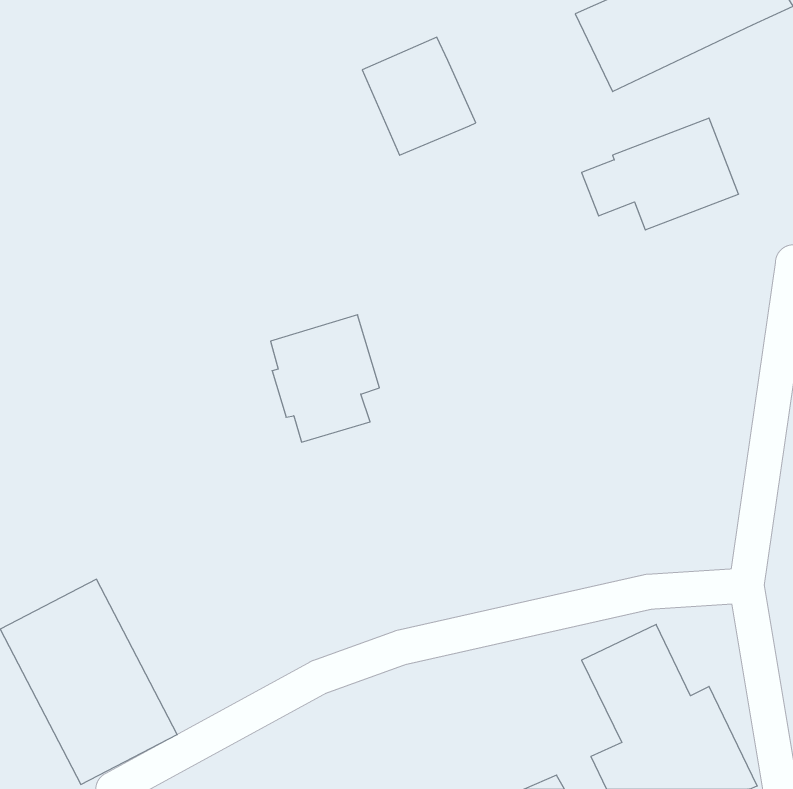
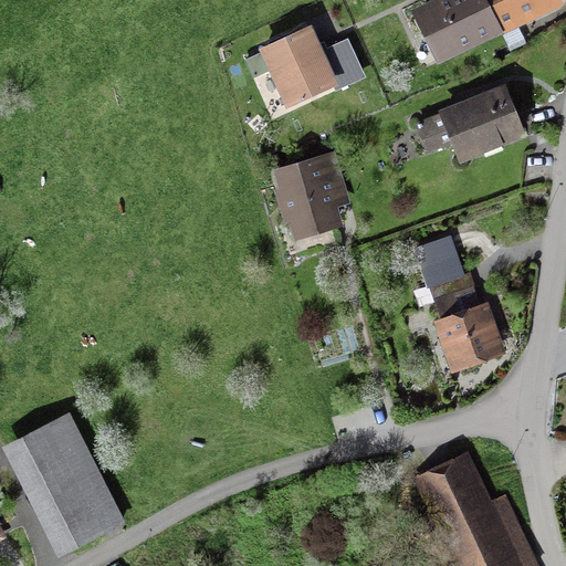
building: none -> [318,36,366,92]
building: [271,315,379,442] -> [272,150,349,241]
building: none -> [411,234,505,373]

